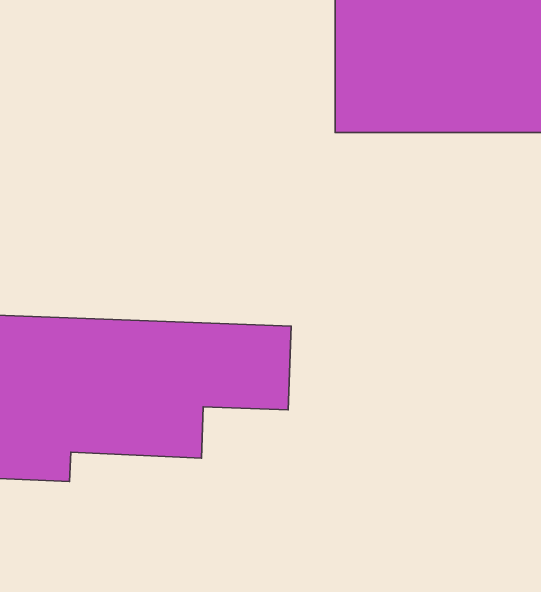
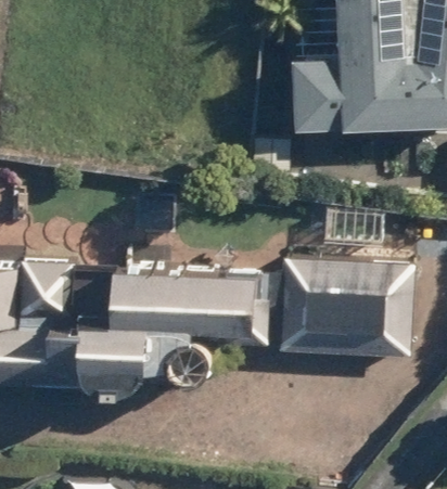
building: none -> [285,260,414,356]

